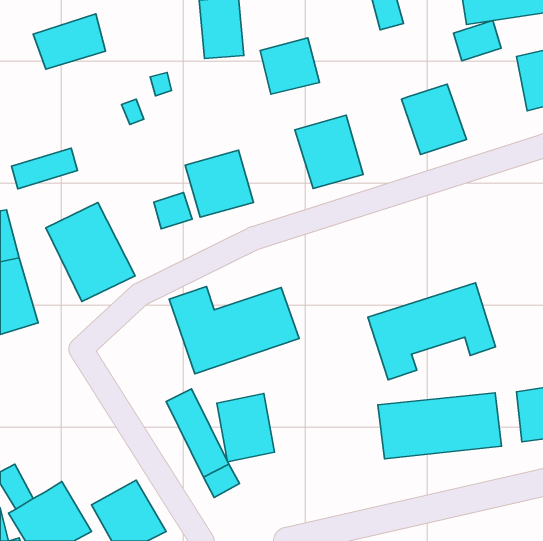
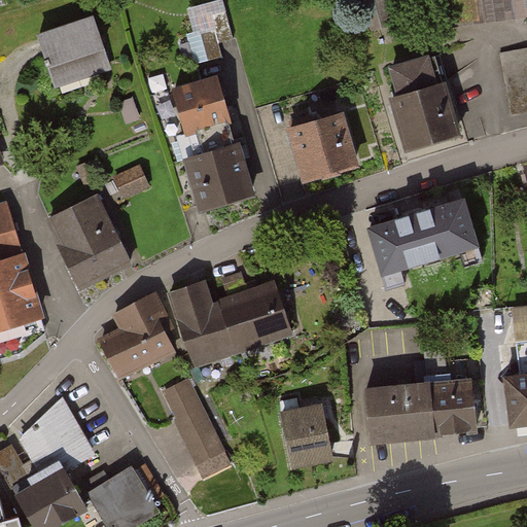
building: [453,21,501,61] -> [387,55,433,94]
building: [260,38,320,94] -> [174,77,232,132]
building: [11,148,77,189] -> [45,49,109,89]
building: [154,193,192,229] -> [114,163,151,198]
building: [368,283,496,380] -> [359,194,483,287]
building: none -> [101,294,168,376]
building: [217,394,274,462] -> [279,402,335,468]
building: none -> [23,401,99,476]

